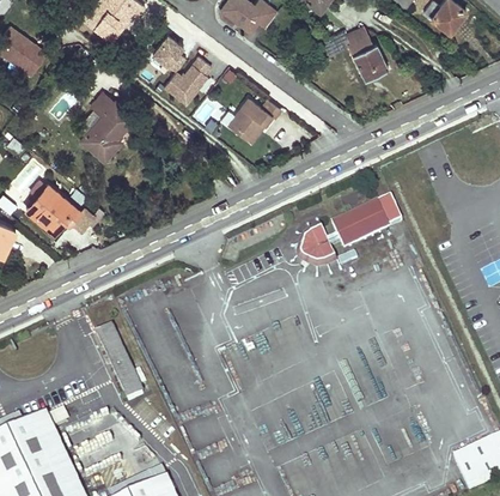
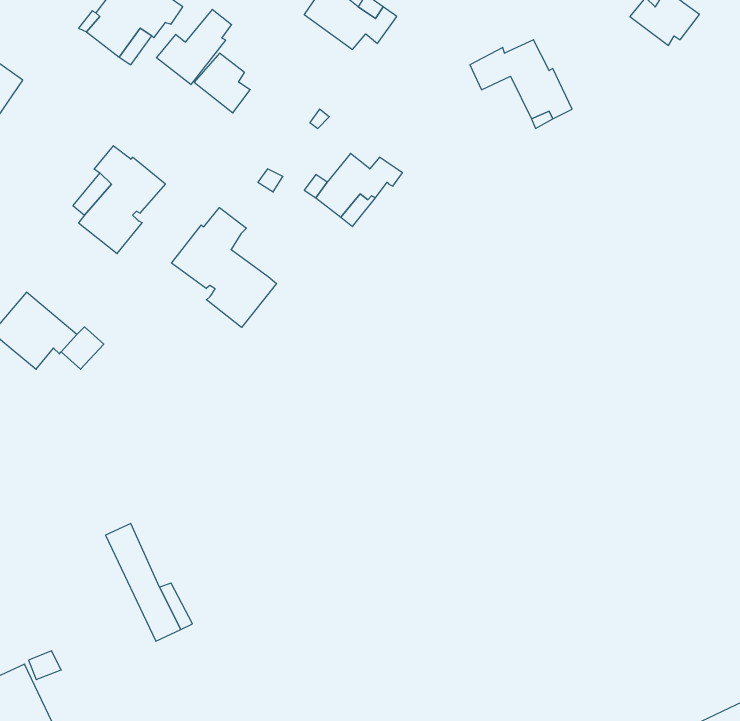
building: [164,55,211,102] -> [156,9,232,85]
building: none -> [172,208,276,327]
building: [301,192,402,260] -> none

